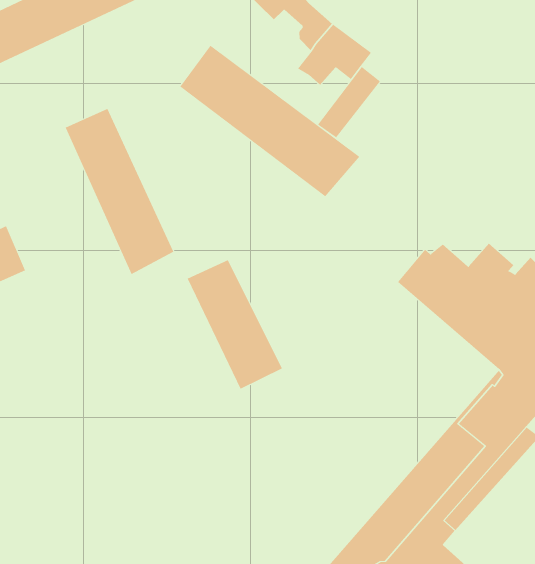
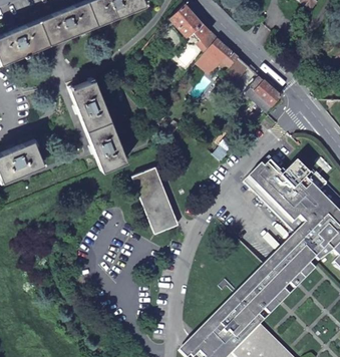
building: [180,45,360,197] -> none
building: none -> [249,75,281,105]

